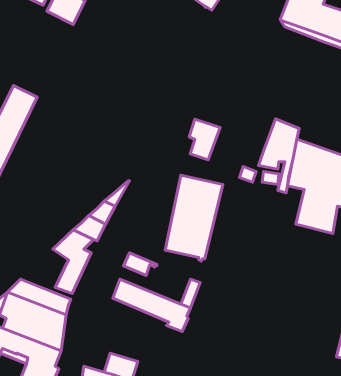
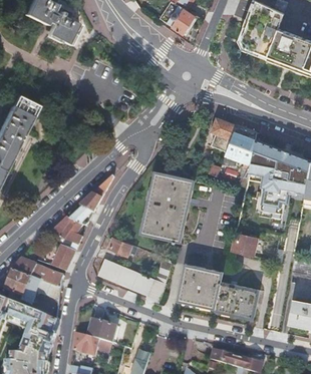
building: [189,119,220,160] -> [211,117,237,151]
building: none -> [231,233,258,255]
building: none -> [179,264,261,316]

